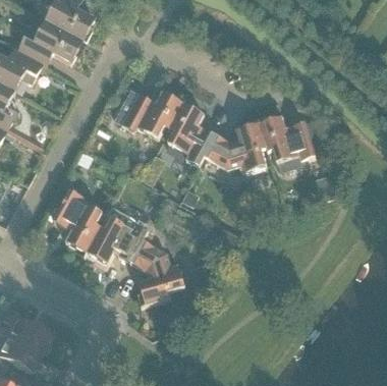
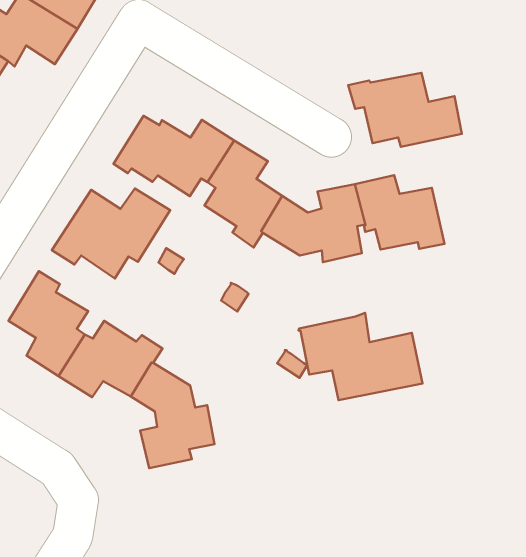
building: none -> [348,73,462,147]
building: none -> [52,188,170,278]
building: none -> [298,313,422,400]

